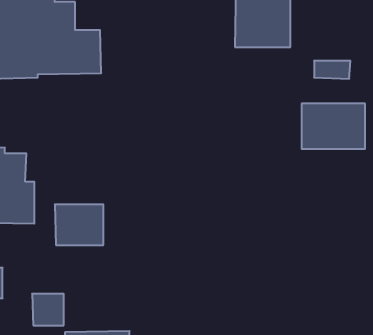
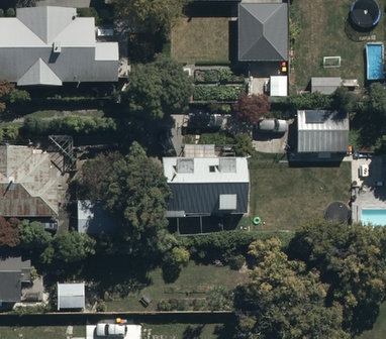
building: none -> [163,140,249,218]

